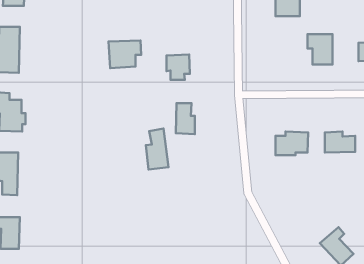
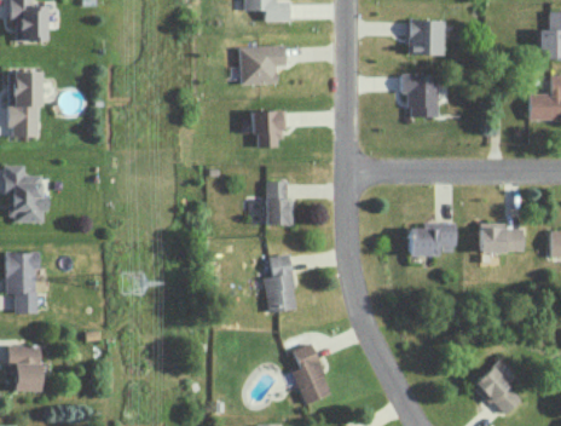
building: [307,34,333,64] -> [401,73,438,116]
building: [109,41,141,68] -> [238,45,285,85]
building: [146,129,169,170] -> [264,253,296,312]
building: none -> [291,342,330,403]

